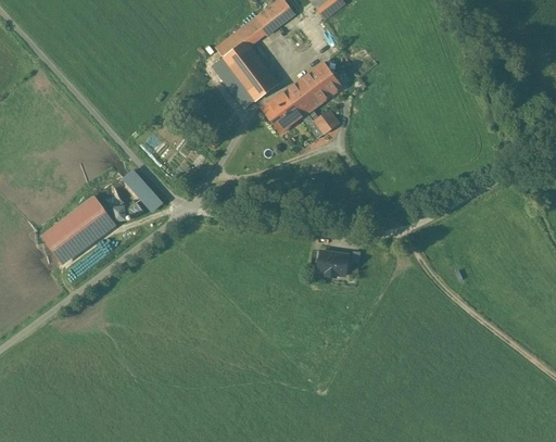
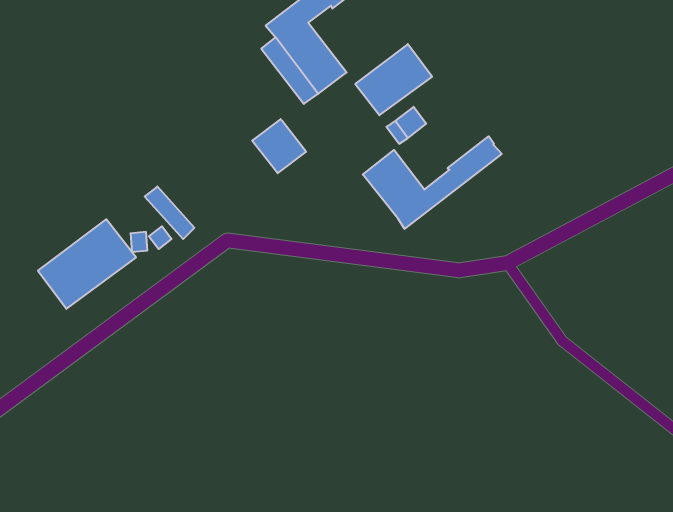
building: [261,91,302,132] -> [252,119,306,173]
building: none -> [363,136,502,229]
building: [315,250,348,277] -> none

